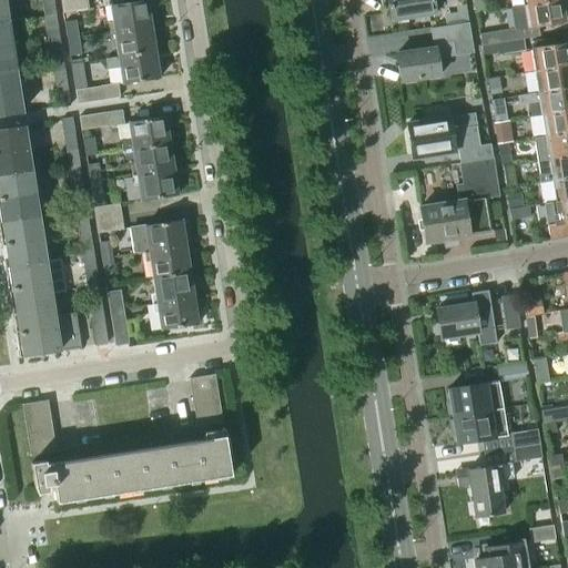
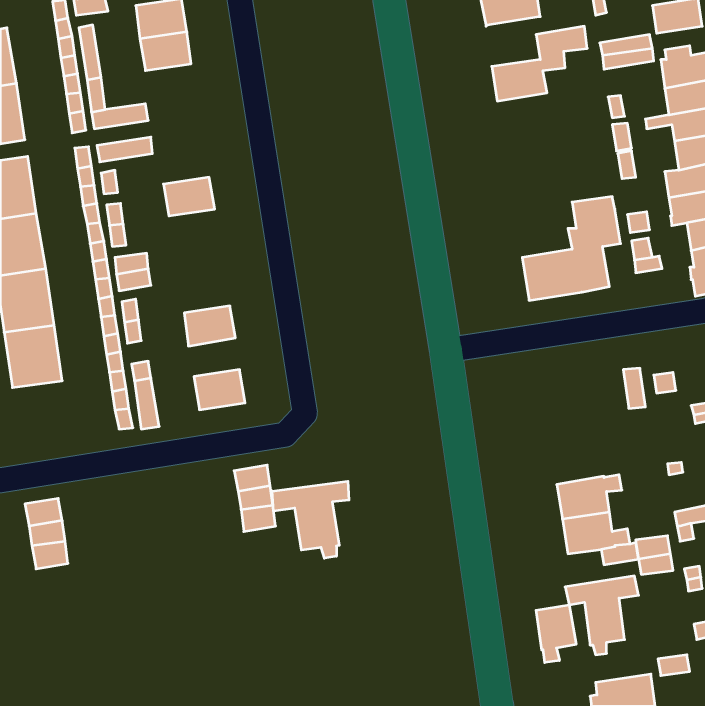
building: [106,51,160,83] -> none
building: [122,115,170,150] -> none
building: [408,116,493,162] -> none
building: [138,168,179,200] -> none
building: [131,219,186,253] -> none
building: [153,271,194,302] -> none
building: [436,290,496,345] -> none
building: [12,305,82,356] -> none
building: none -> [272,481,349,558]
building: [32,435,231,501] -> none
building: none -> [536,605,576,663]

